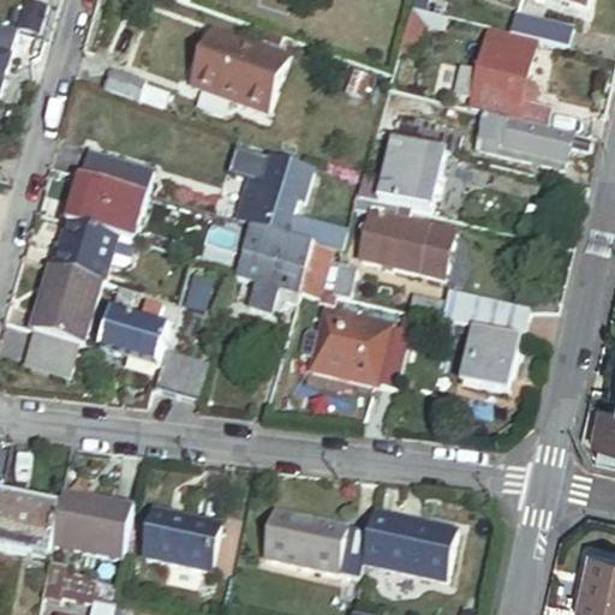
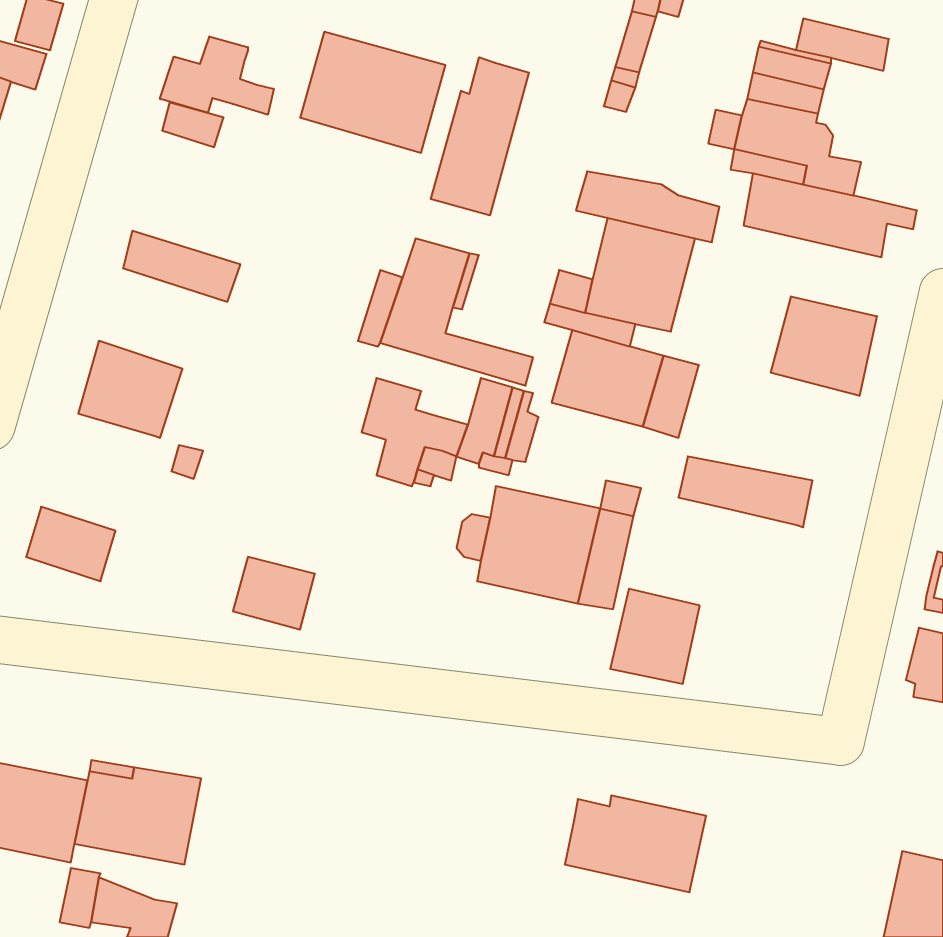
building: none -> [160,36,274,115]
building: none -> [431,57,529,215]
building: [64,173,147,241] -> none
building: none -> [771,296,877,396]
building: [243,225,310,274] -> none
building: [26,265,100,344] -> none
building: [97,299,165,365] -> none
building: [456,328,514,389] -> [610,589,700,684]
building: [263,507,370,574] -> none
building: [143,510,222,569] -> none

